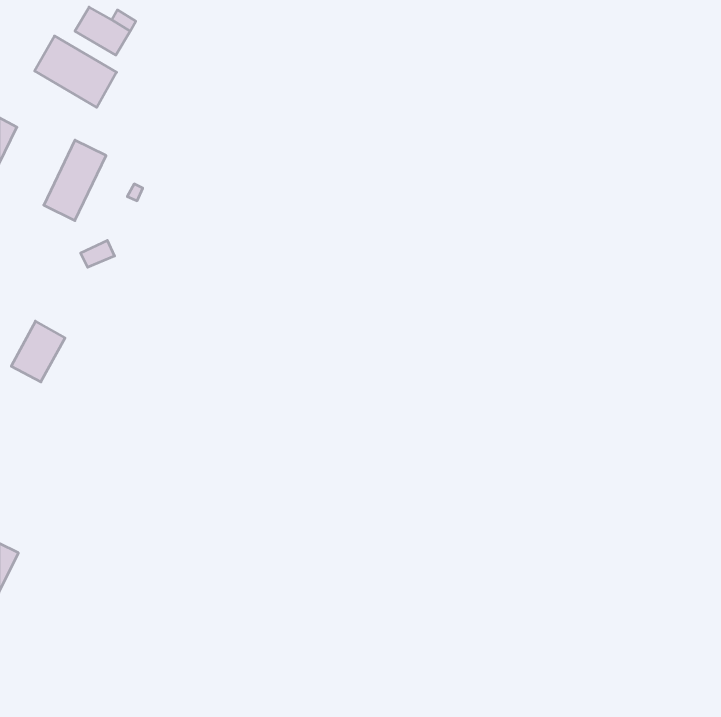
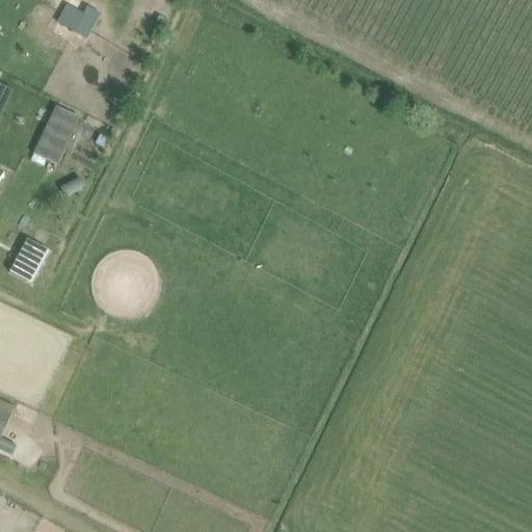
building: [35,36,117,107] -> none

